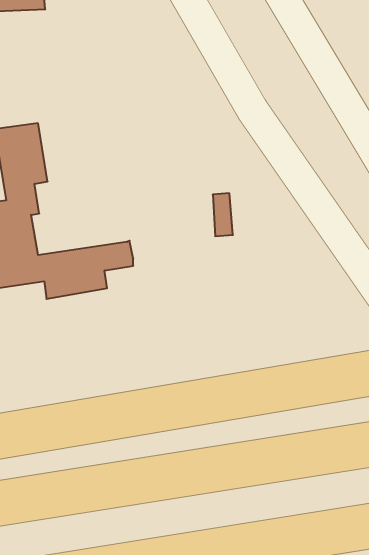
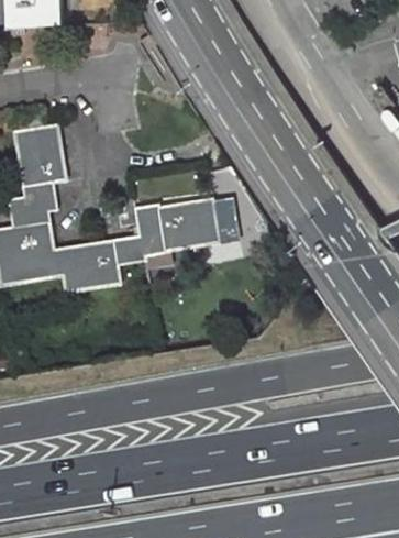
building: none -> [134,201,219,254]

